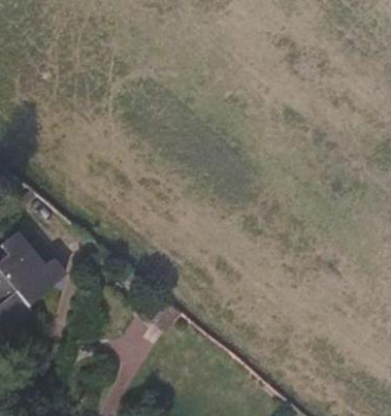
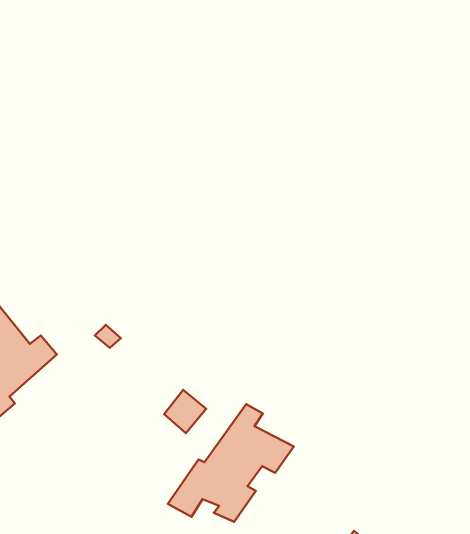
building: none -> [168,404,294,522]

